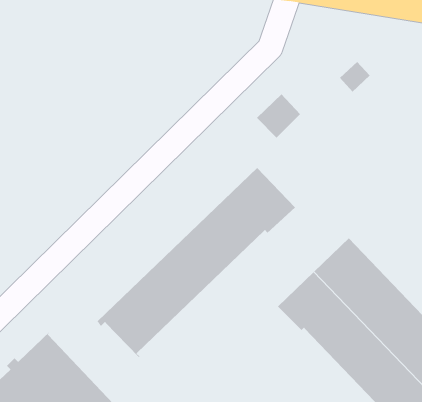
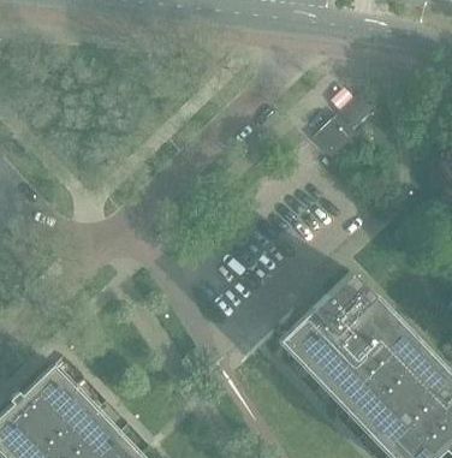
building: [256,94,301,138] -> [314,114,358,159]
building: [97,167,296,358] -> none

